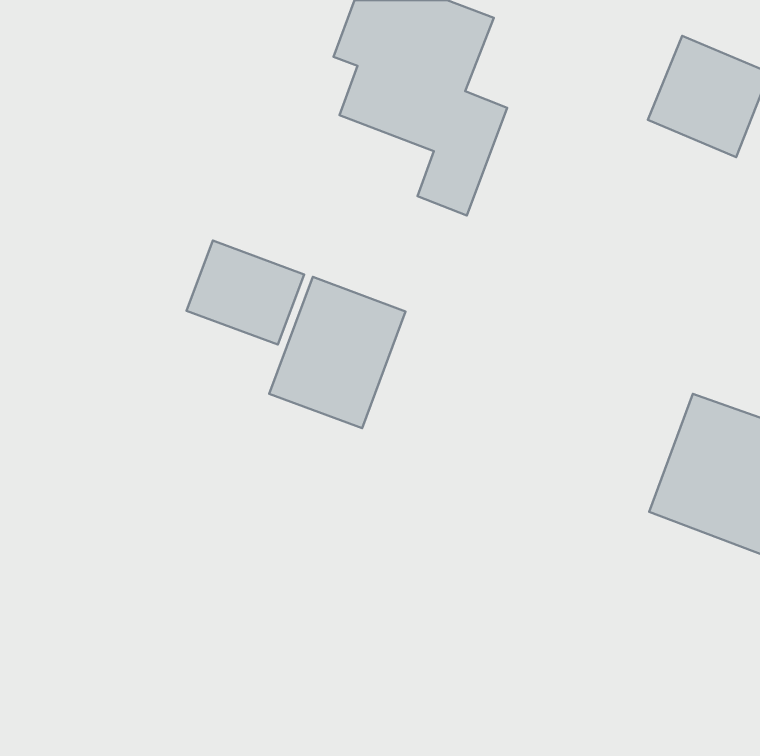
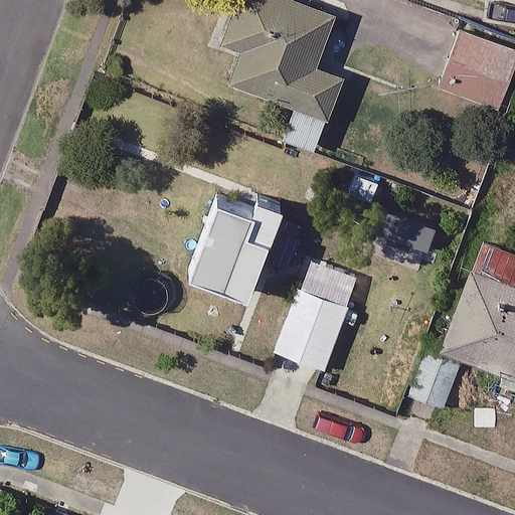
building: [187,240,304,345] -> none
building: none -> [277,288,350,370]

